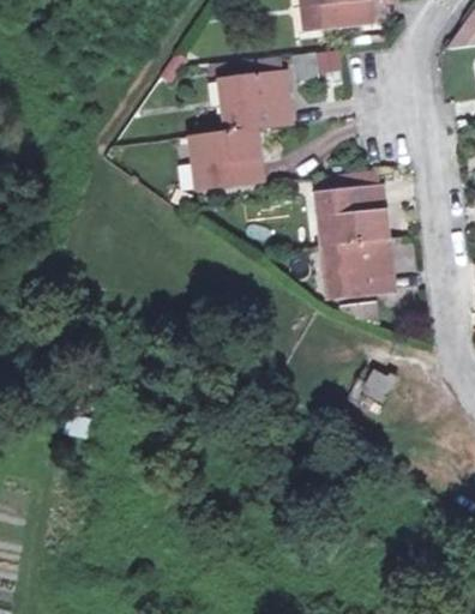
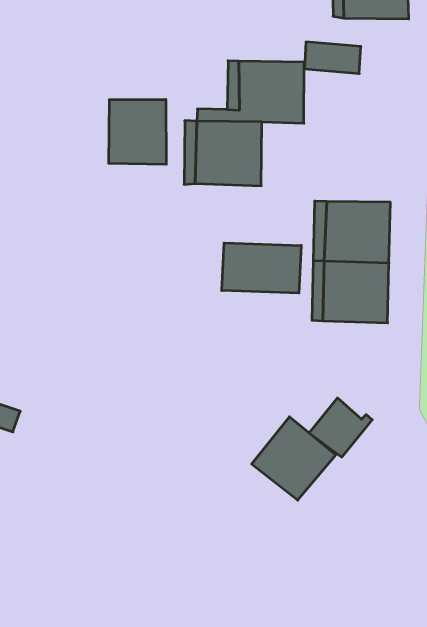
building: none -> [109,99,166,164]
building: none -> [222,243,301,293]
building: none -> [252,417,336,500]

